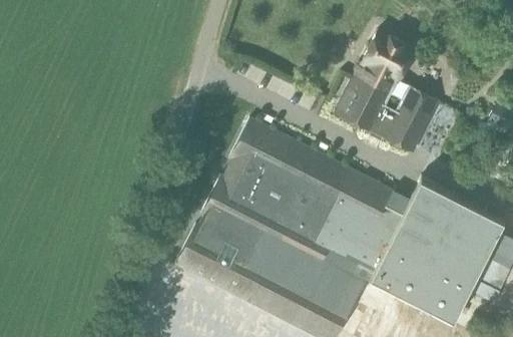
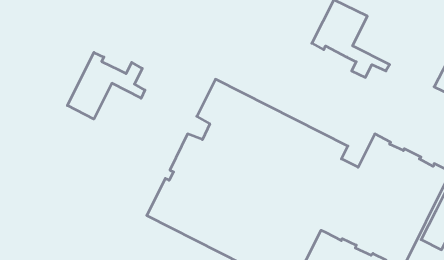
building: [337,78,434,152] -> none
building: none -> [67,52,145,119]

